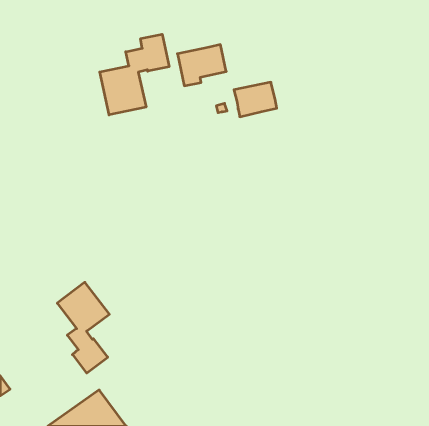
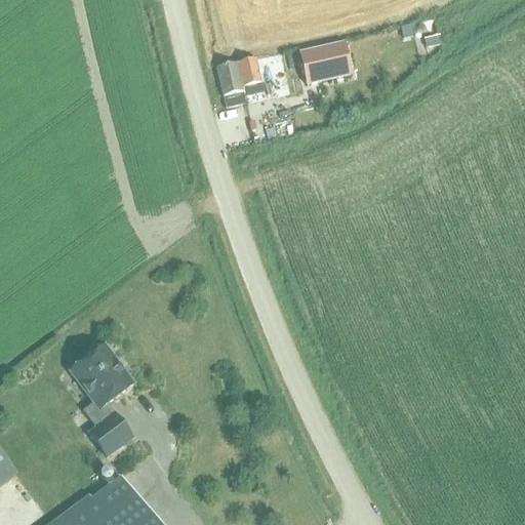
building: [100,34,169,115] -> none
building: [234,82,277,117] -> [299,42,352,84]

